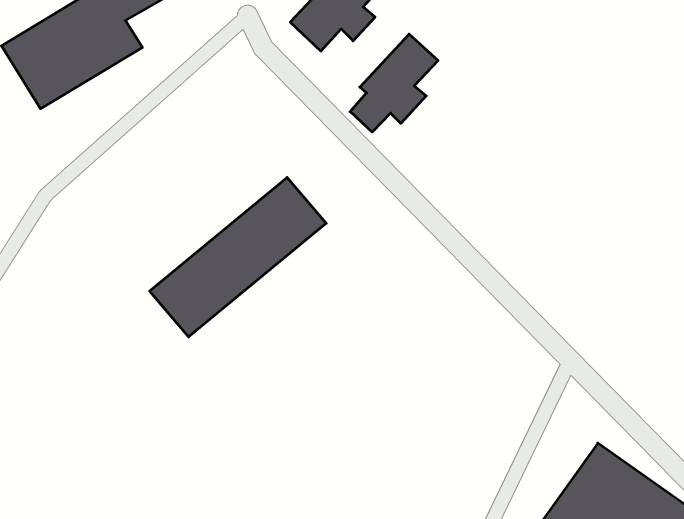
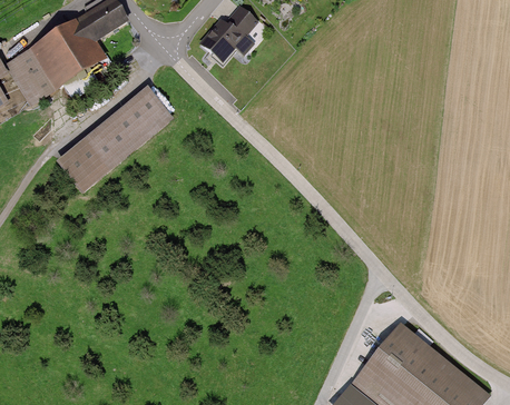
building: [350,34,438,132] -> none
building: [150,177,326,337] -> [52,89,168,194]

